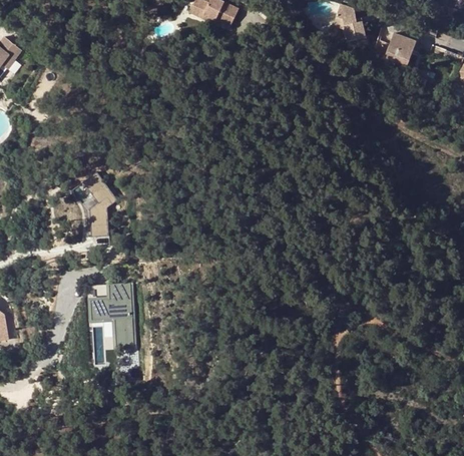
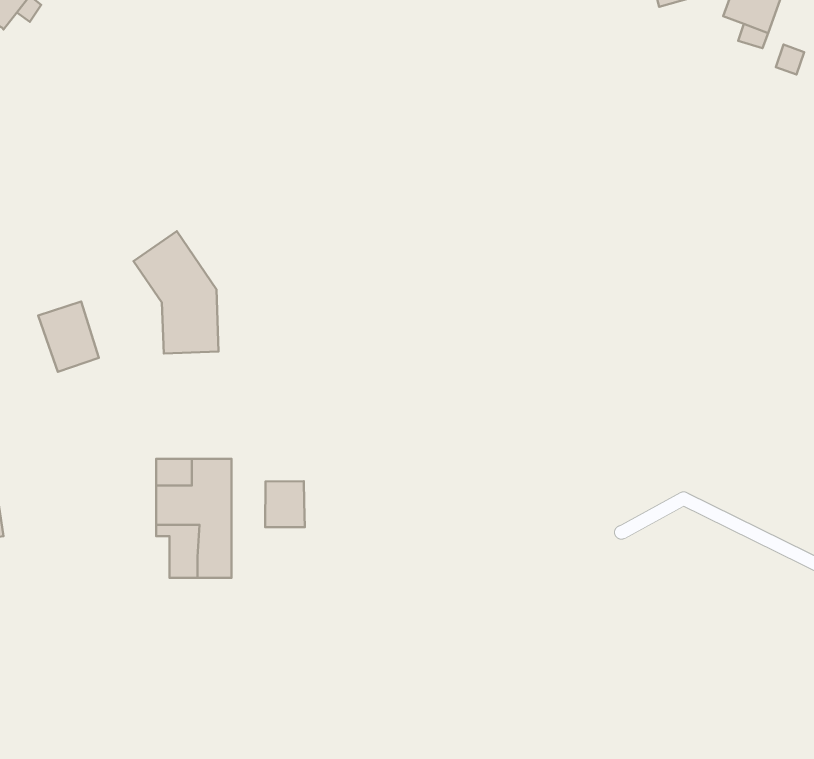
building: none -> [38,301,99,372]
building: none -> [265,481,305,527]

